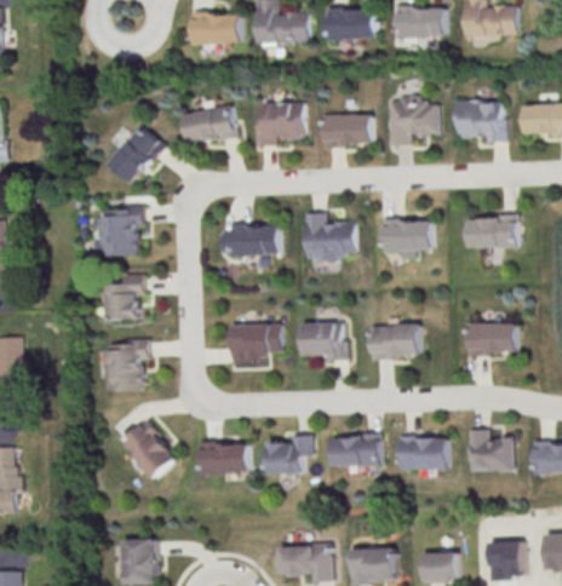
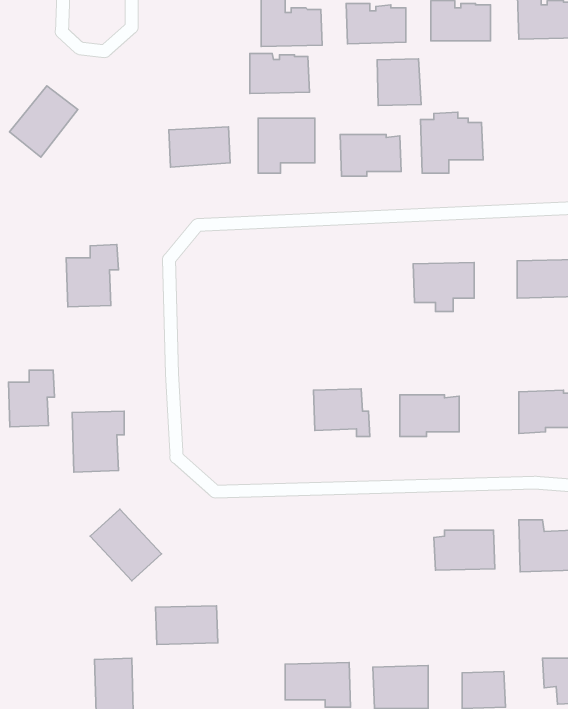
building: [193,13,241,46] -> [250,53,309,94]
building: none -> [377,59,421,106]
building: [454,99,503,142] -> none
building: [107,126,162,184] -> [9,86,78,157]
building: [304,212,354,260] -> none
building: [219,223,277,268] -> none
building: [105,274,143,320] -> [8,370,55,427]
building: [230,323,281,362] -> none
building: [331,432,380,466] -> none
building: [266,436,311,473] -> none
building: [197,442,248,473] -> [155,606,218,644]

